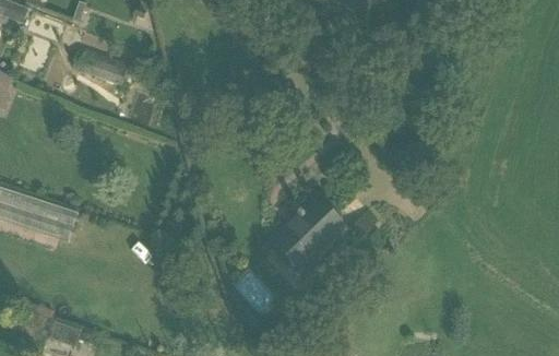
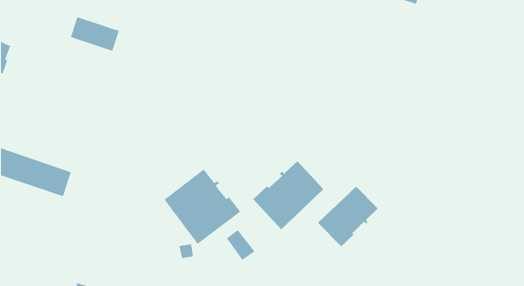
building: none -> [163,169,241,245]
building: none -> [317,186,379,247]

